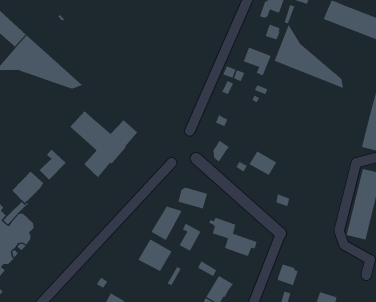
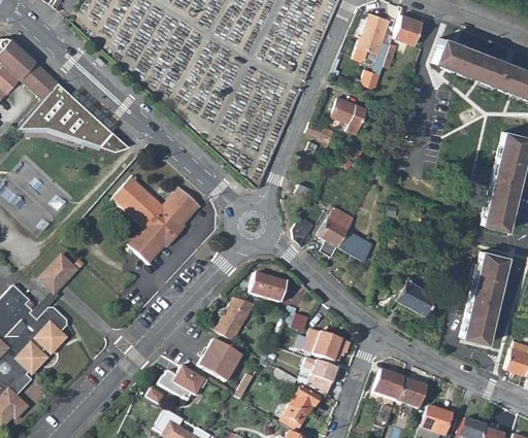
building: [274,24,344,89] -> none
building: none -> [319,206,355,245]
building: [39,149,66,181] -> none
building: none -> [396,278,435,314]
building: [179,223,201,252] -> none
building: none -> [303,357,337,396]
building: none -> [158,365,209,402]
building: none -> [395,378,425,408]

